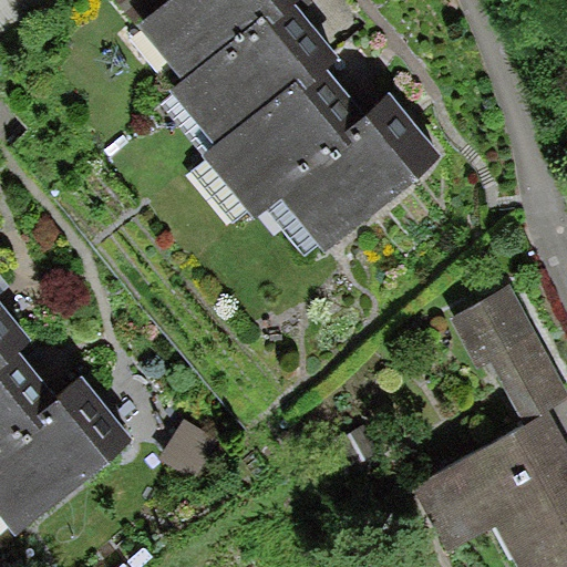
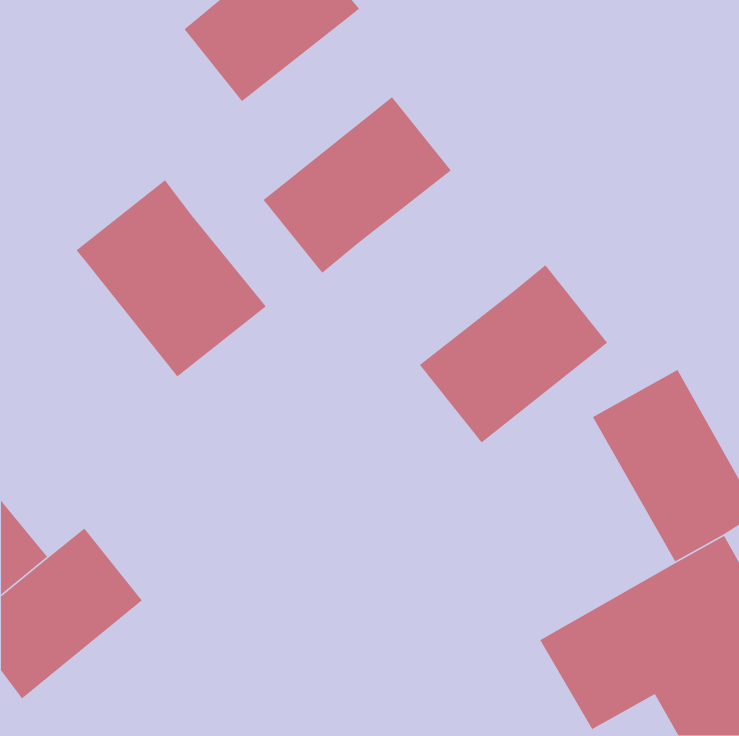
building: [172,16,309,144] -> none
building: [276,110,420,246] -> [419,264,608,443]
building: none -> [76,179,267,378]

